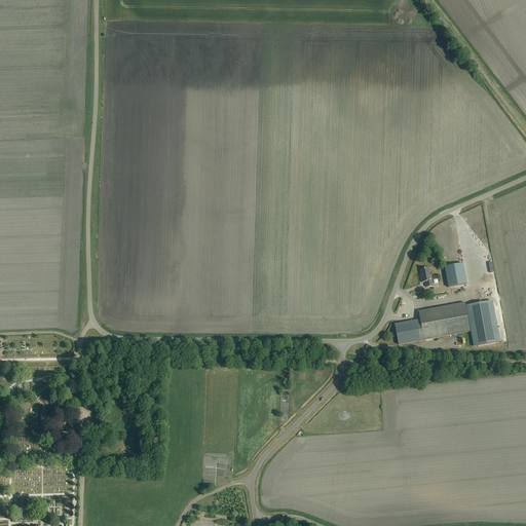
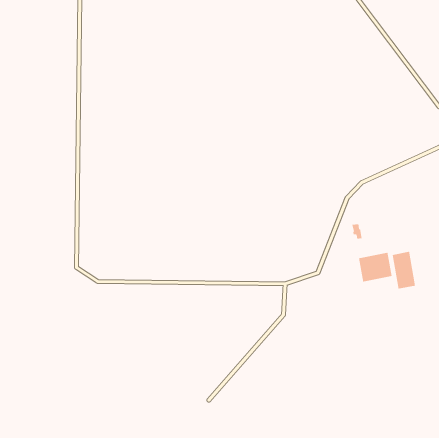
building: [443,261,468,287] -> none
building: [394,308,434,343] -> none

